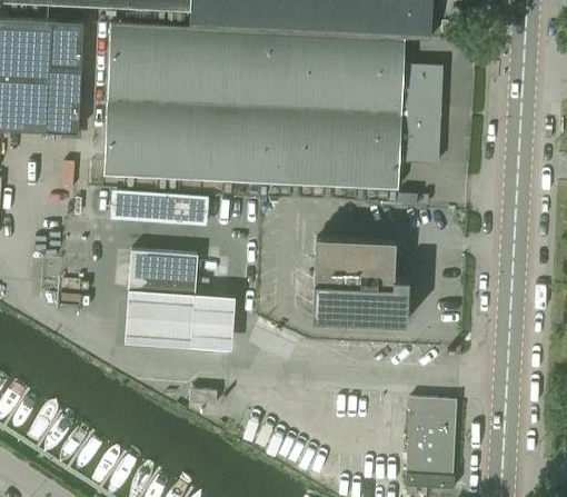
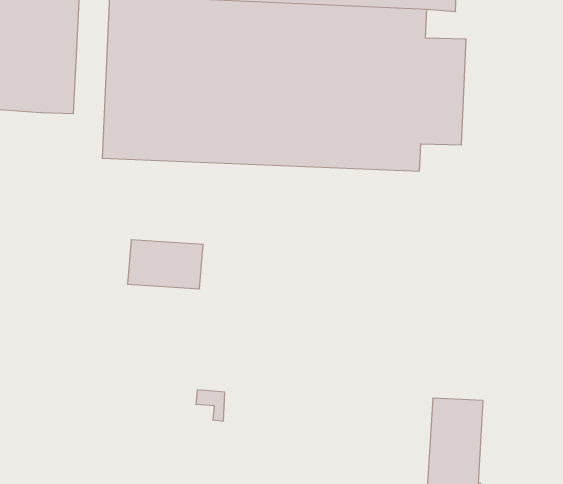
building: [111,190,208,227] -> none
building: [311,237,408,321] -> none
building: [126,292,235,351] -> none

